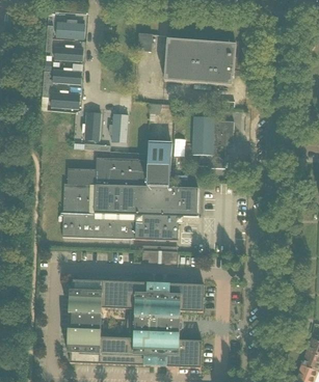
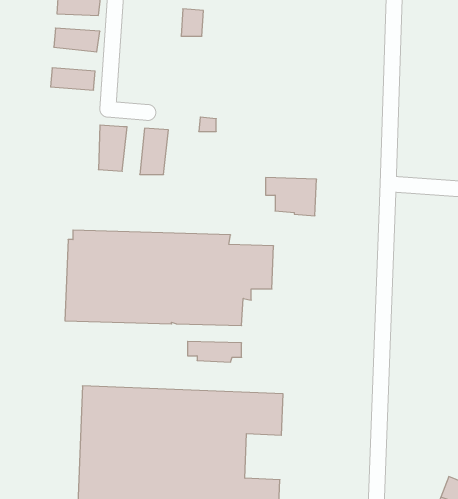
building: [164,38,236,85] -> none
building: [49,92,80,110] -> none
building: [192,115,234,144] -> none
building: [67,142,170,180] -> none

